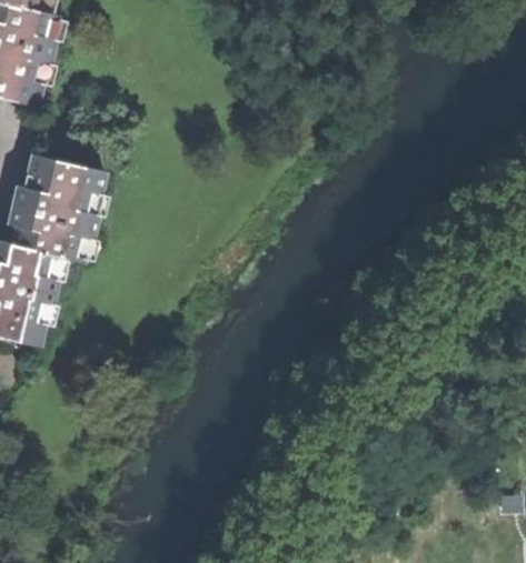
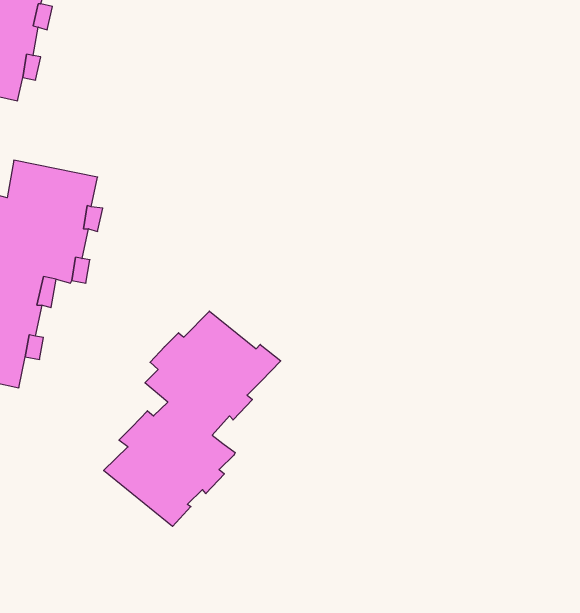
building: none -> [104,311,281,526]

